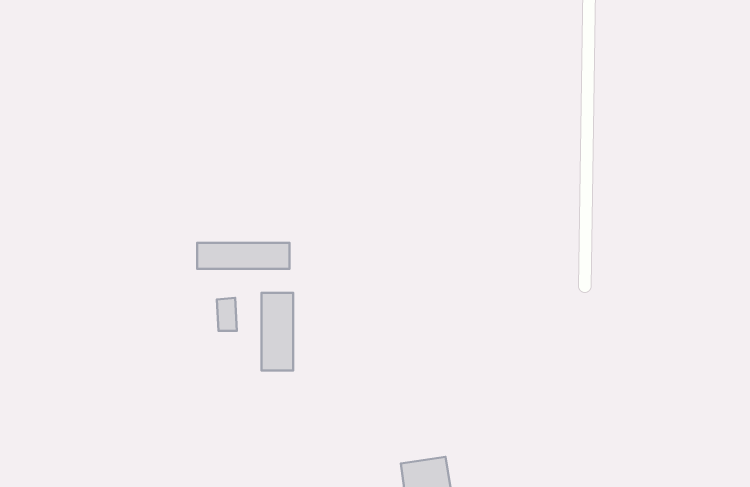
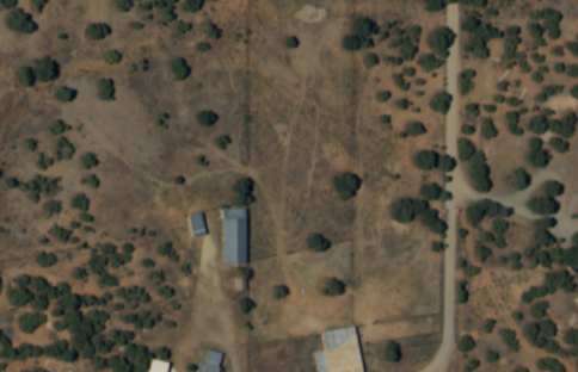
building: [197,243,289,269] -> none

